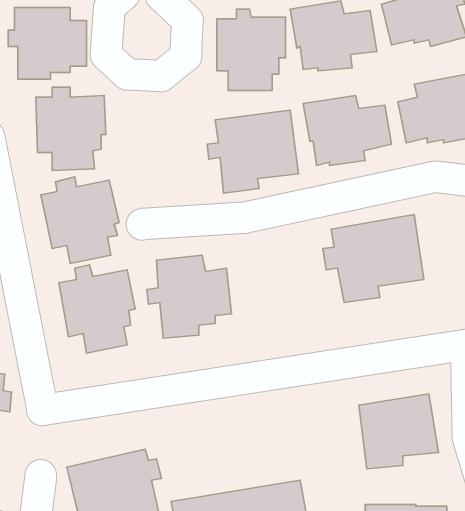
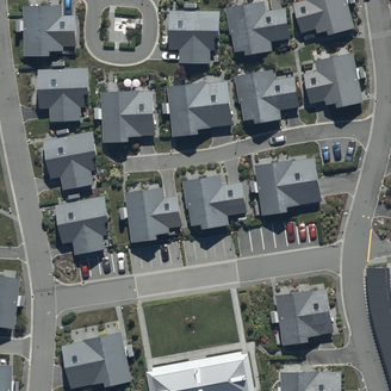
building: none -> [97,95,155,149]
building: none -> [185,178,243,234]

